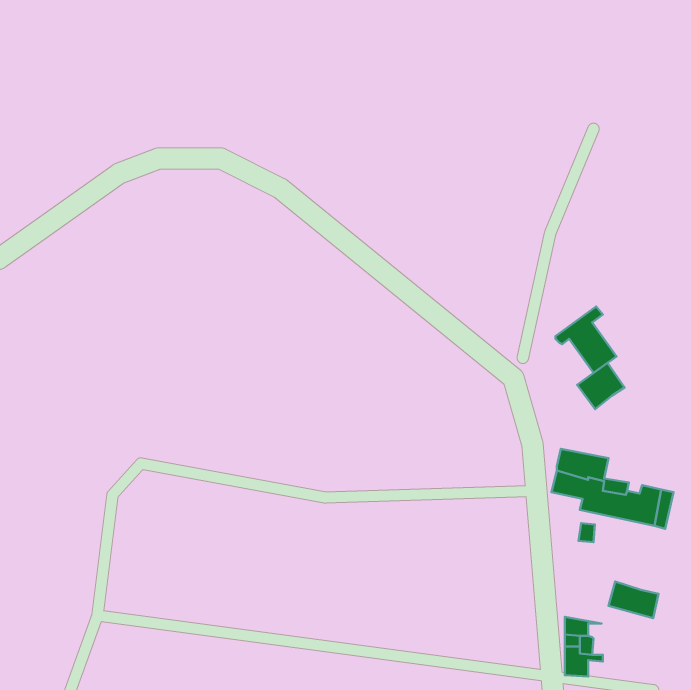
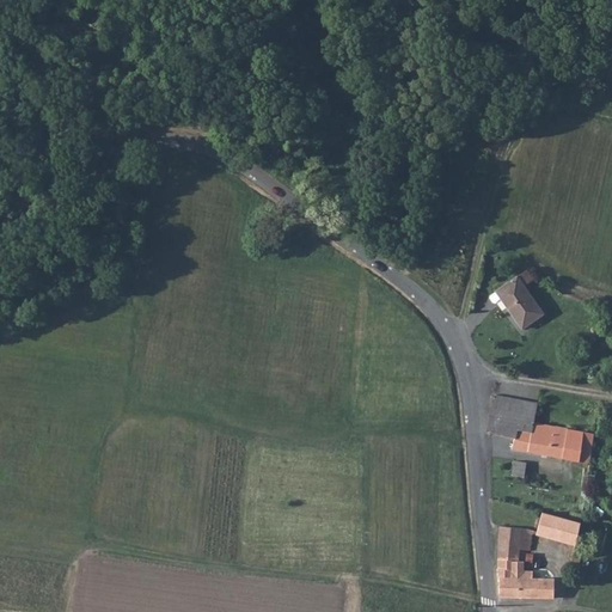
building: [577,363,625,409] -> none
building: none -> [498,526,531,550]
building: none -> [519,577,555,596]

